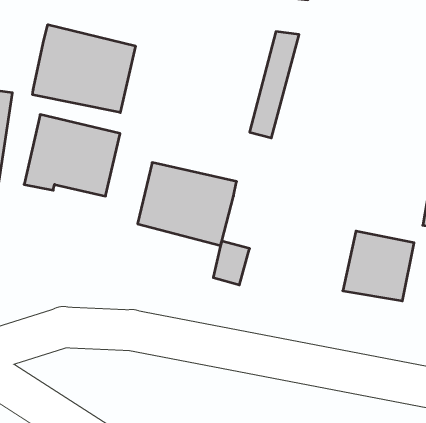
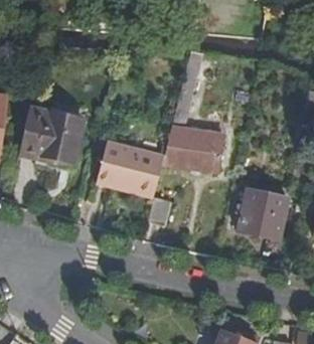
building: [33,25,135,113] -> none
building: none -> [163,129,223,174]

